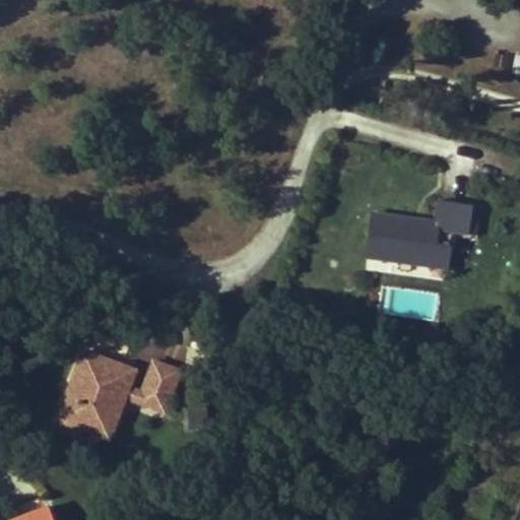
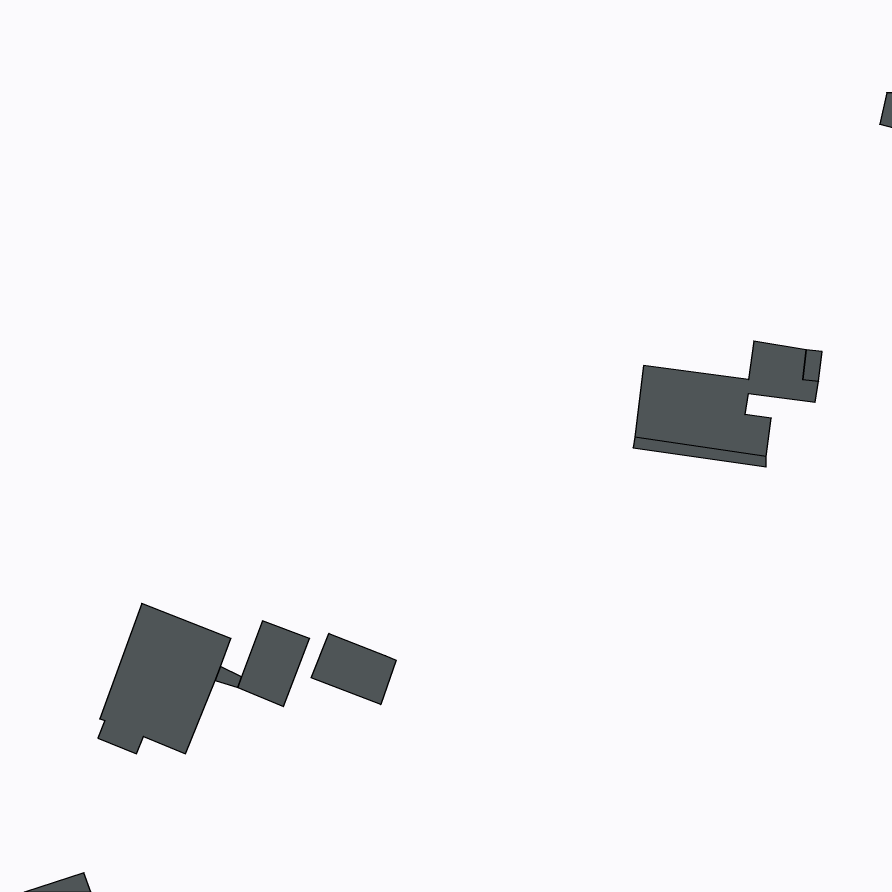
building: none -> [311,633,396,705]

